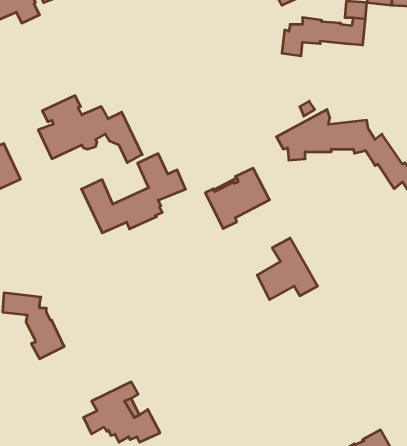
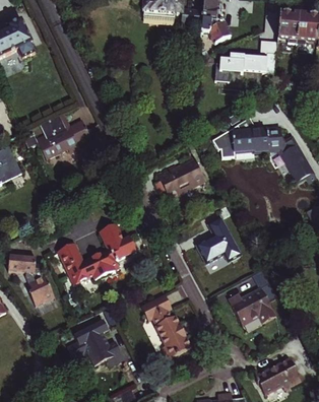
building: [81,154,186,233] -> [58,223,135,282]
building: none -> [227,284,274,322]
building: none -> [139,296,190,361]

